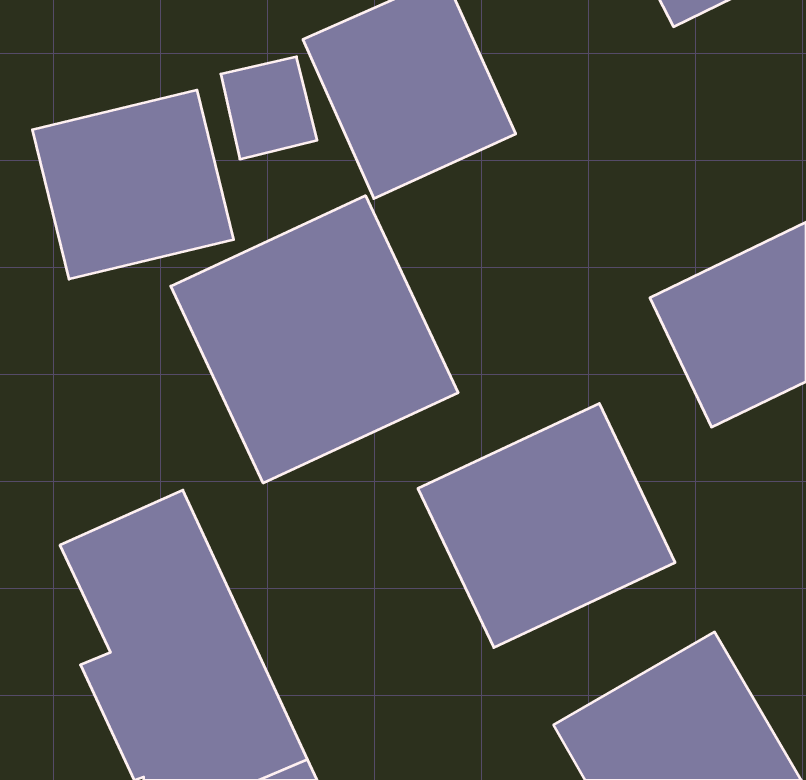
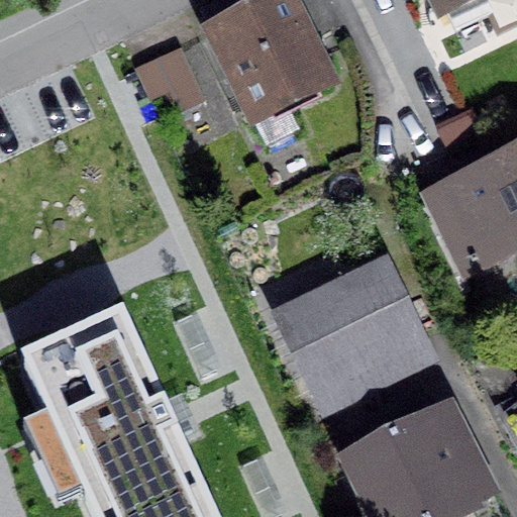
building: [32,90,234,279] -> none
building: [171,196,458,483] -> none

